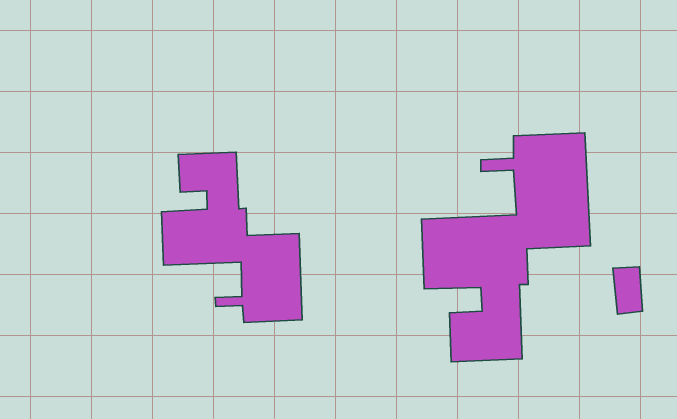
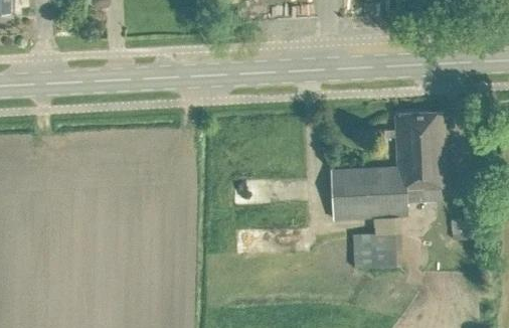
building: [161,152,302,322] -> none

